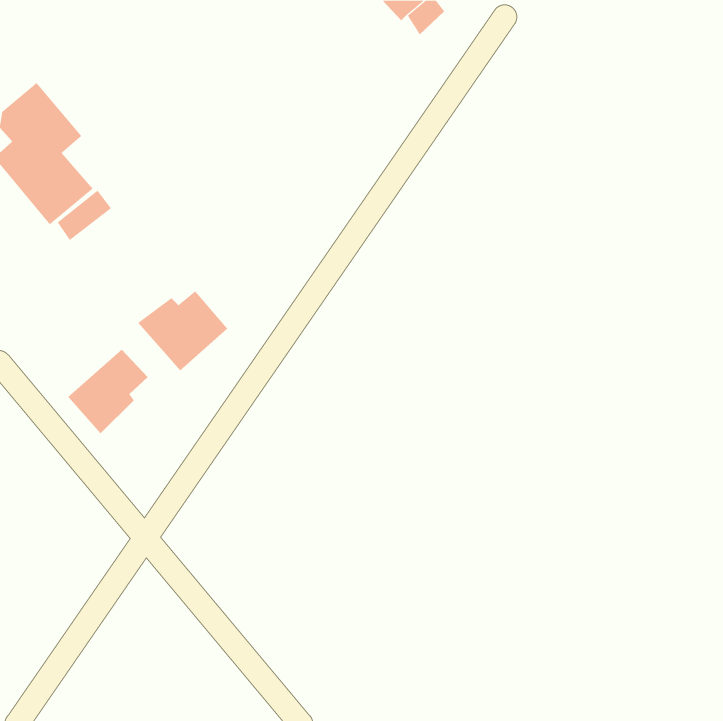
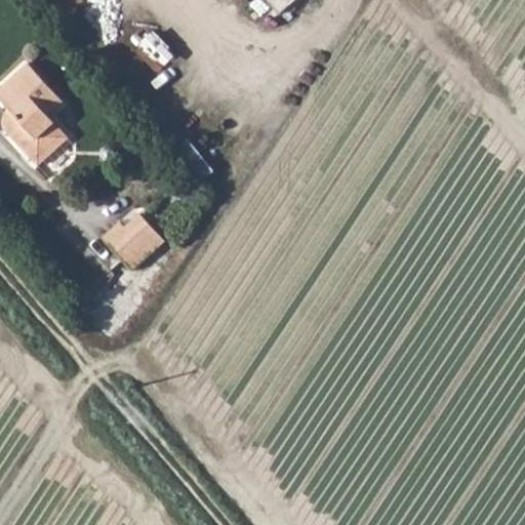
building: [68,349,148,434] -> none

